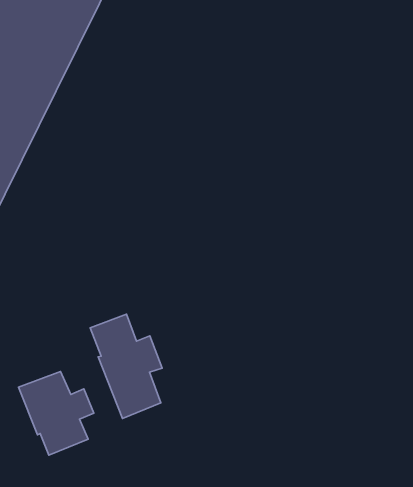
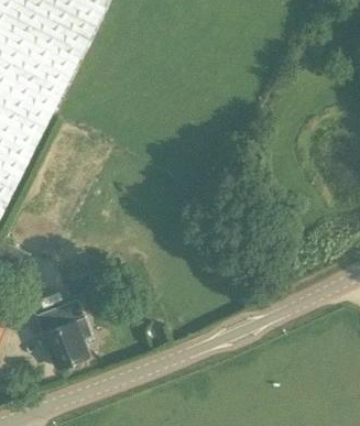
building: [90,314,162,419] -> none

